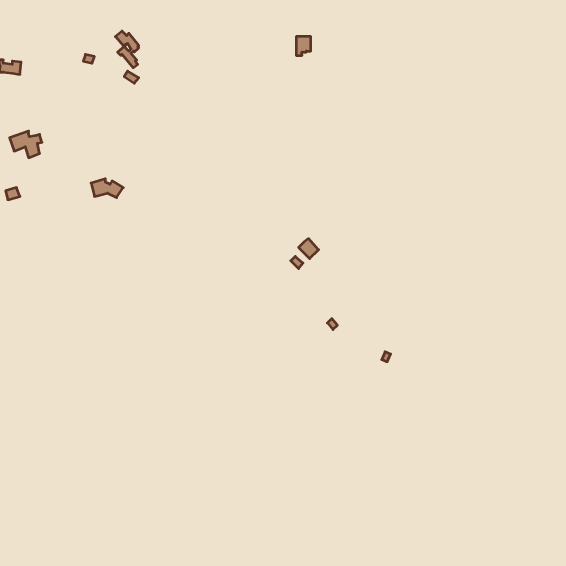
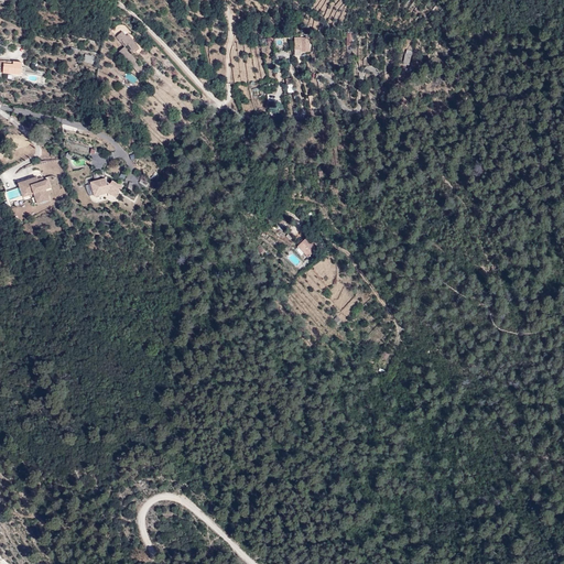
building: [10,131,42,158] -> [18,176,50,203]

